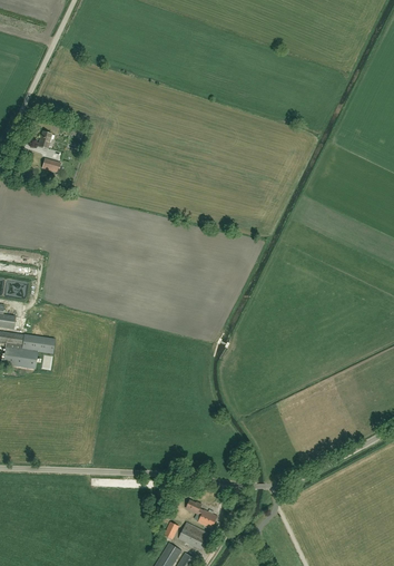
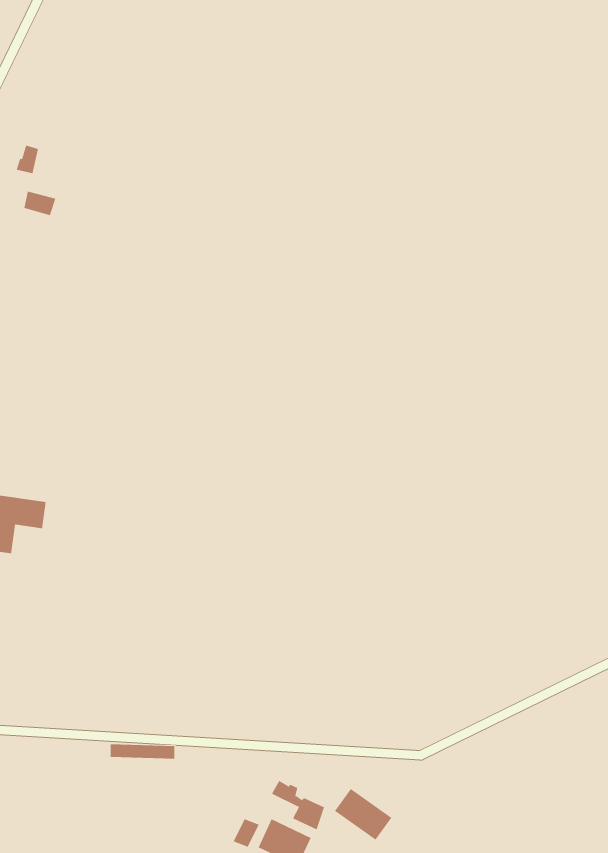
building: none -> [334,788,392,840]

